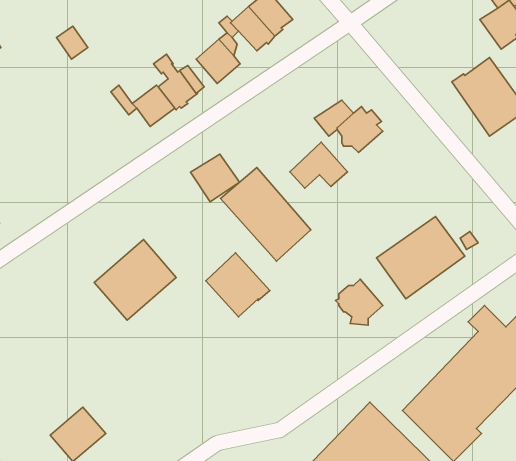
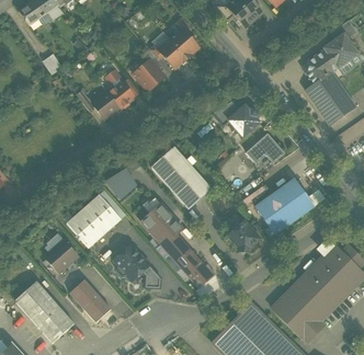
building: none -> [305,47,338,84]
building: [290,142,347,188] -> [246,133,284,163]
building: [190,154,240,202] -> [104,167,137,198]
building: none -> [162,233,215,287]
building: none -> [44,241,77,273]
building: none -> [109,242,150,284]
building: none -> [69,279,110,322]
building: none -> [15,282,58,324]

